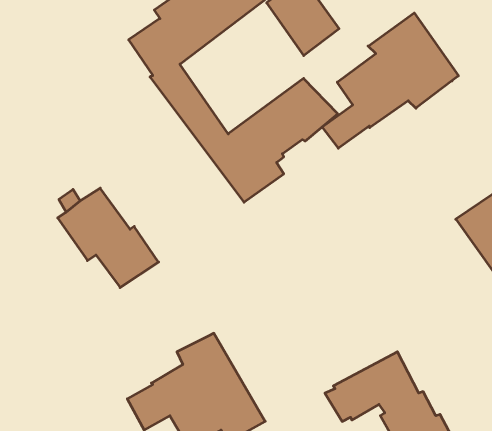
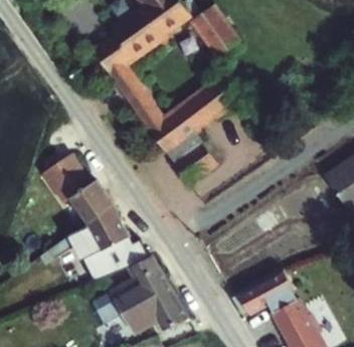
building: [322,13,458,148] -> none
building: none -> [47,205,149,283]

